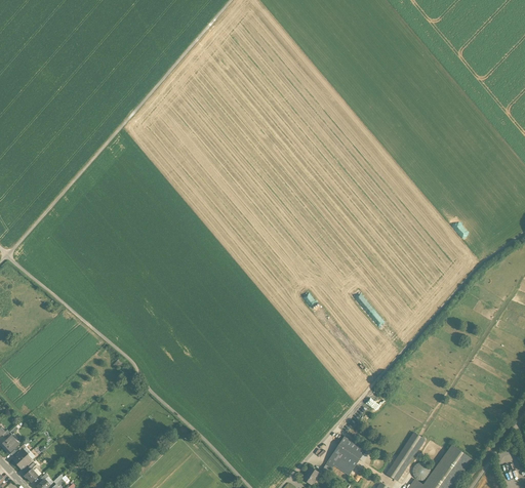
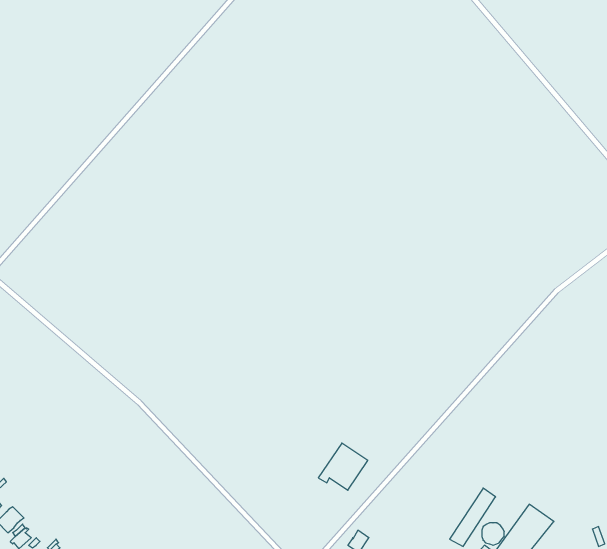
building: [324,436,365,475] -> [318,443,368,490]

